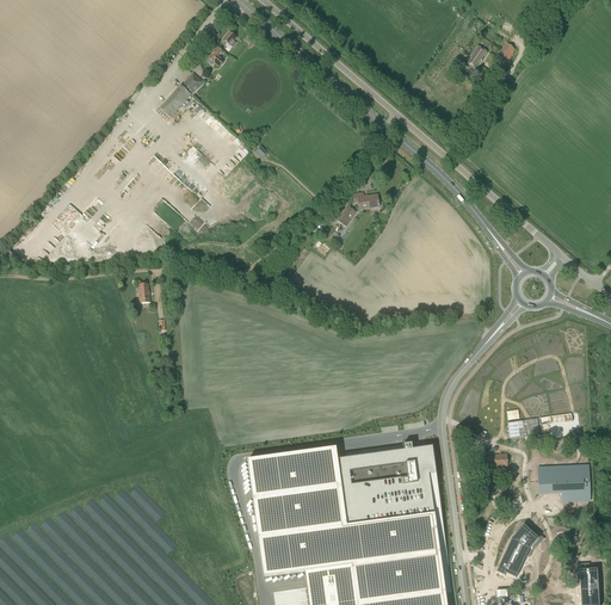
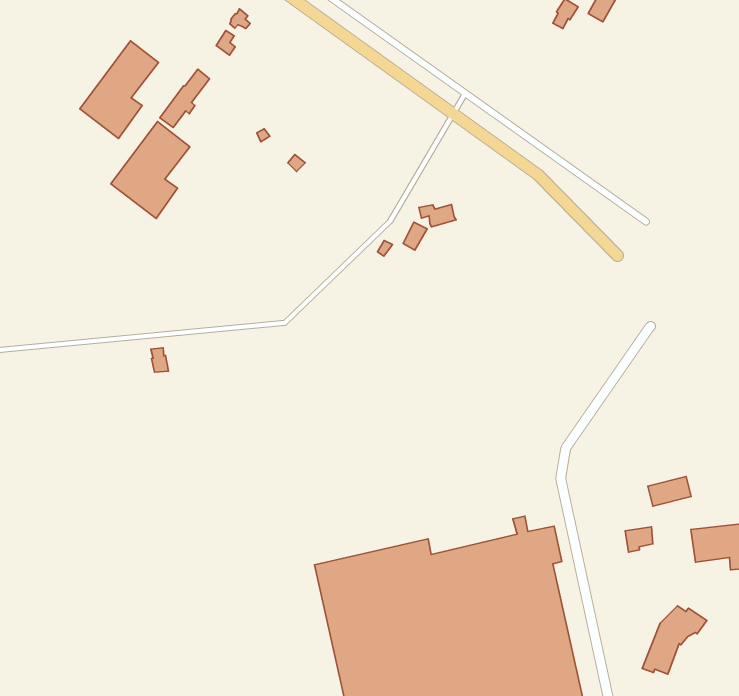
building: none -> [80,41,158,139]
building: none -> [111,121,190,218]

